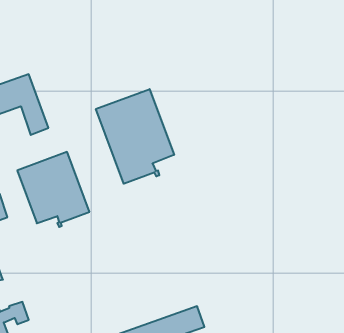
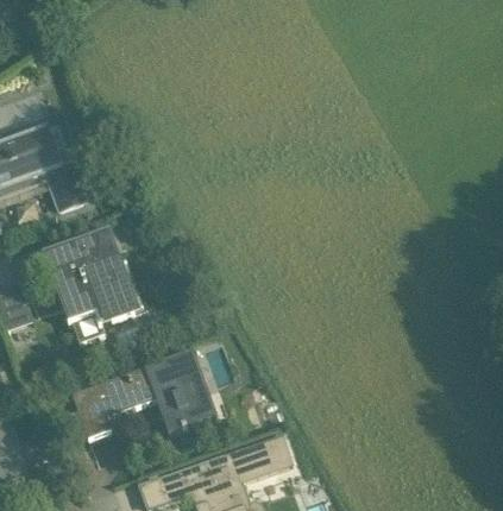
building: [96,89,174,184] -> none
building: none -> [71,349,206,439]

